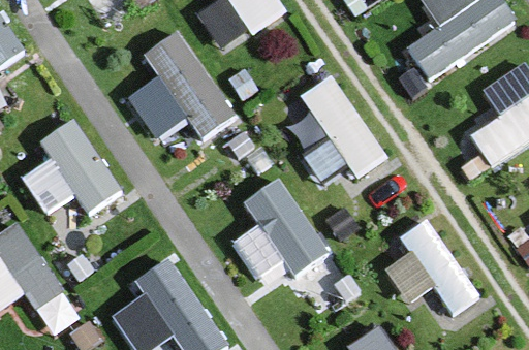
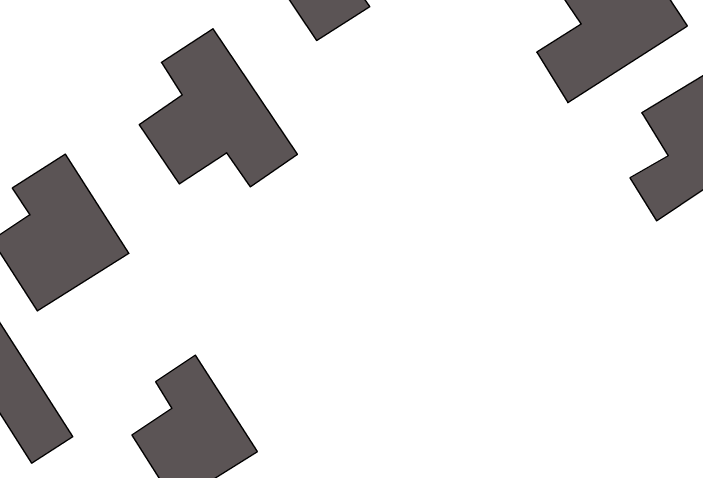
building: [302,75,382,189] -> none
building: [232,178,329,292] -> none
building: [381,228,473,313] -> none

